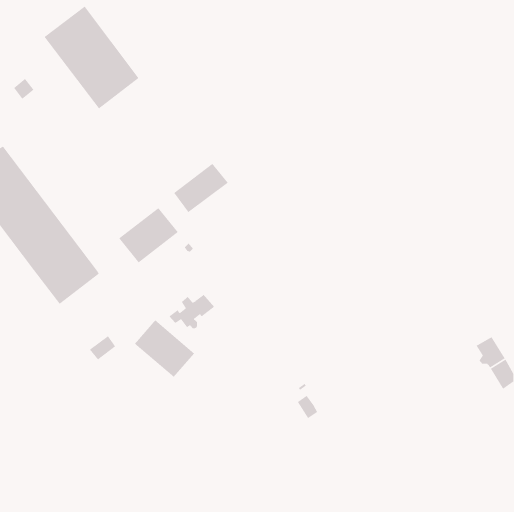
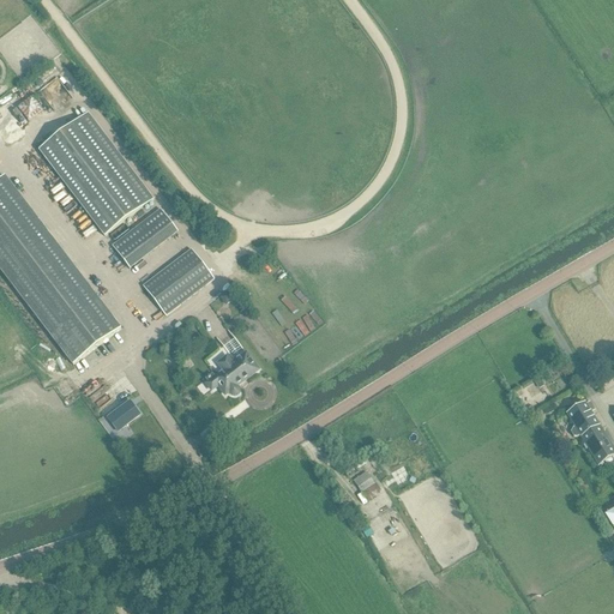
building: [43,5,139,109] -> [37,109,151,233]
building: [173,163,229,213] -> [110,206,176,266]
building: [134,319,195,378] -> none

